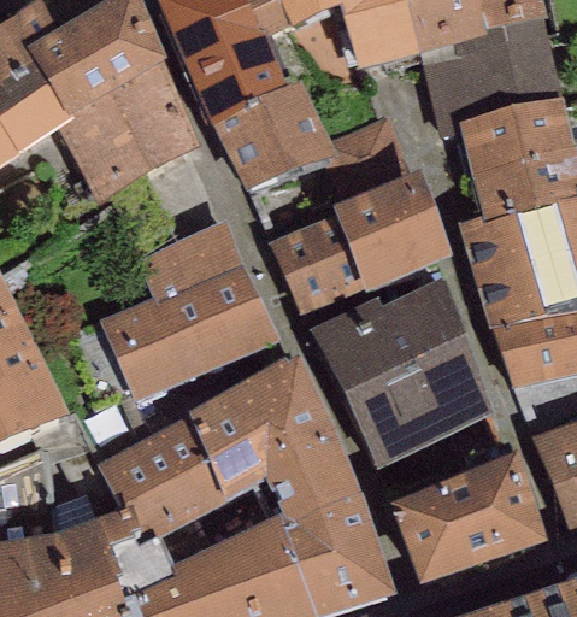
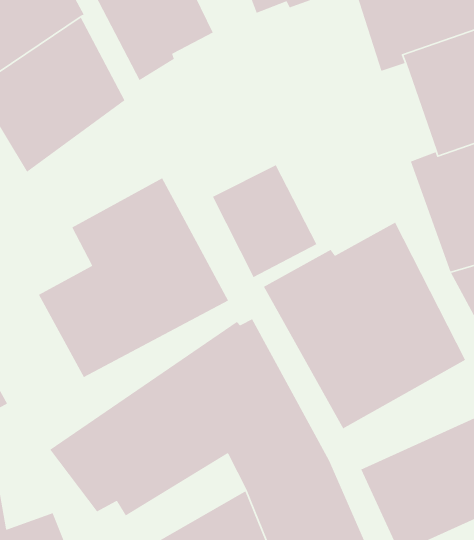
building: [211,81,335,192] -> none
building: [330,172,452,293] -> none

